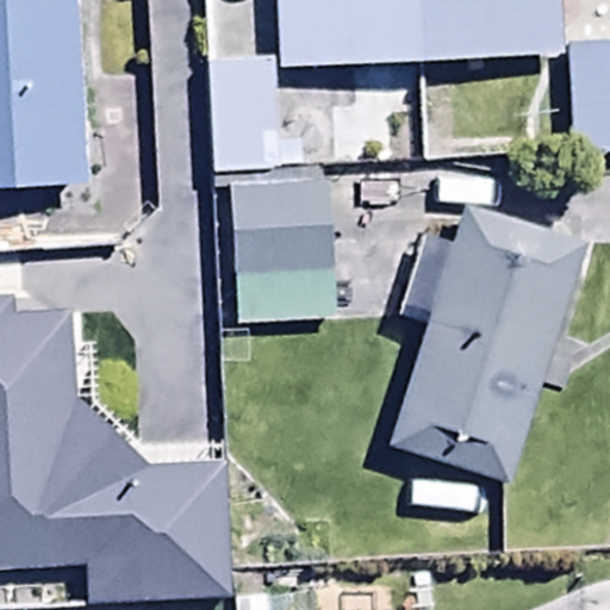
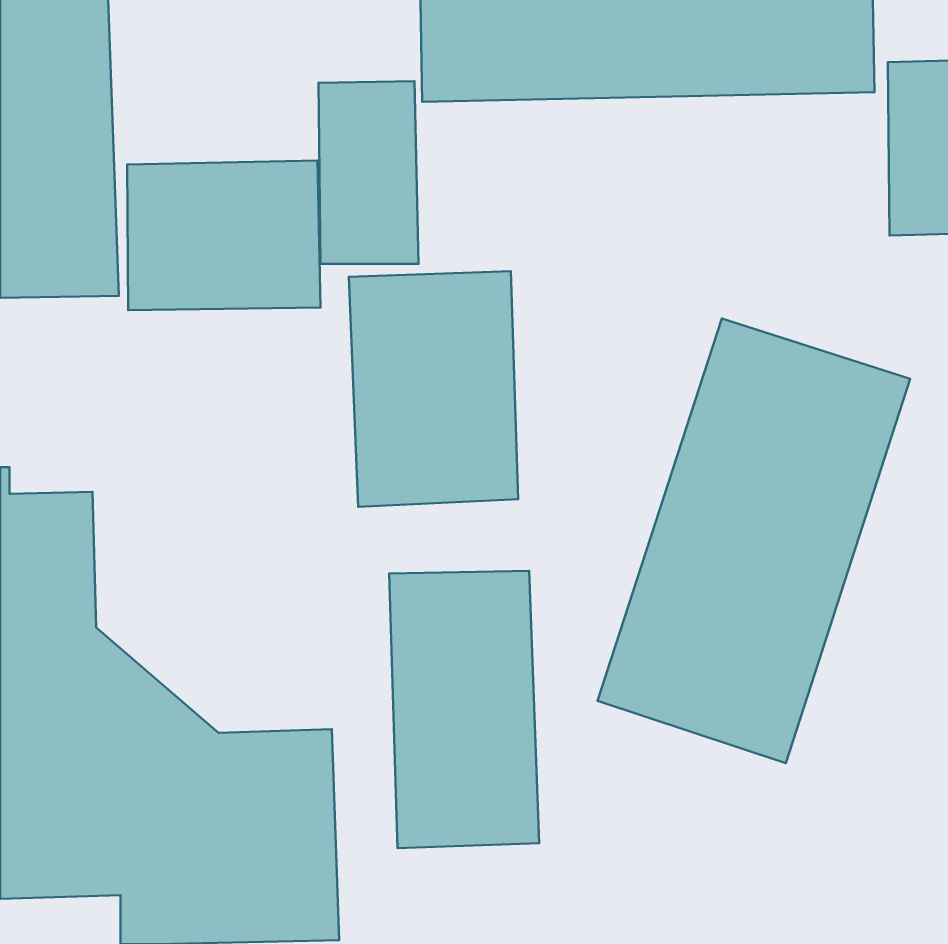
building: none -> [127,160,320,310]
building: none -> [389,571,539,848]

